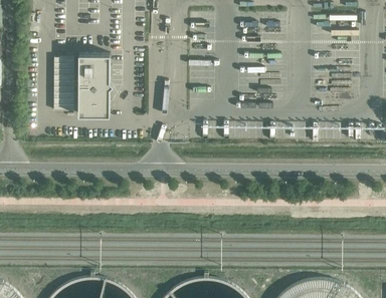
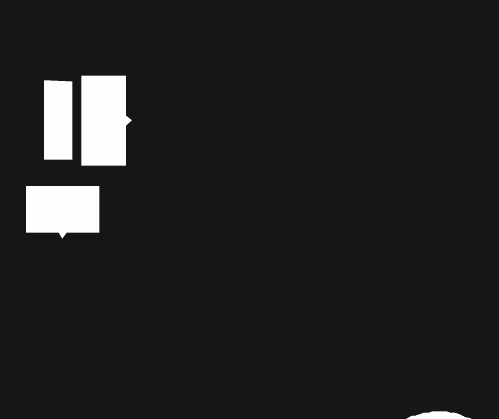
building: none -> [25,185,100,240]

